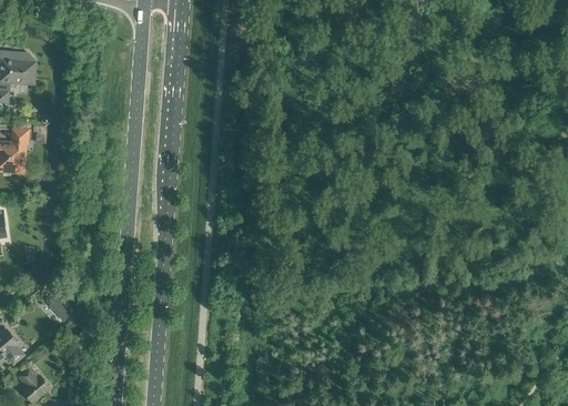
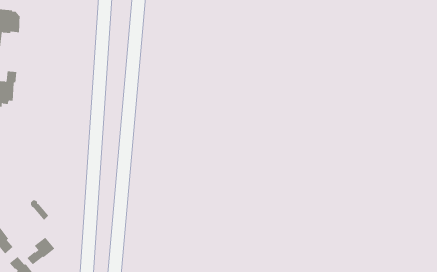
building: none -> [27,237,55,265]

